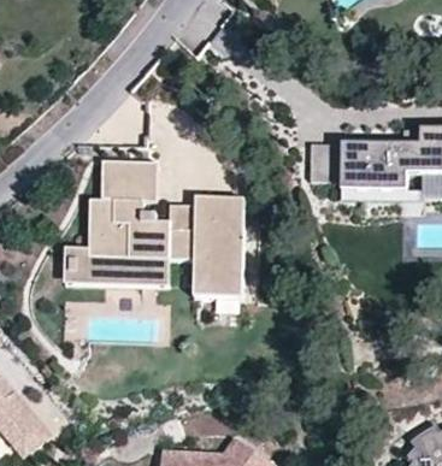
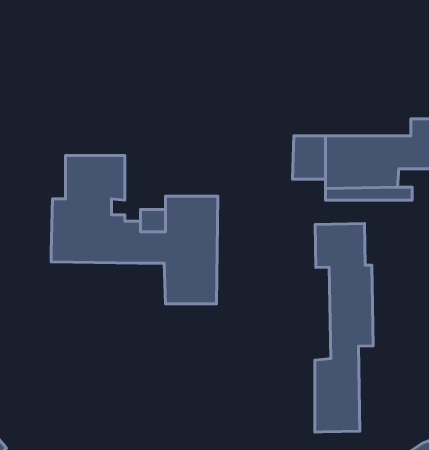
building: none -> [315,224,373,432]
building: [63,247,167,287] -> none

